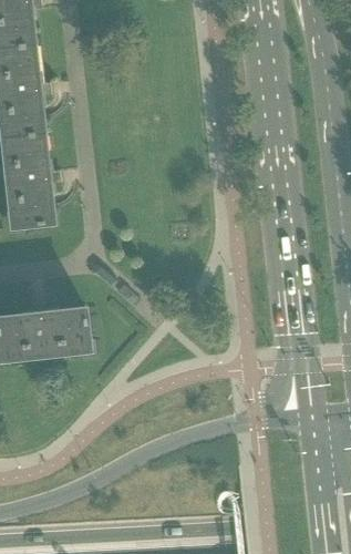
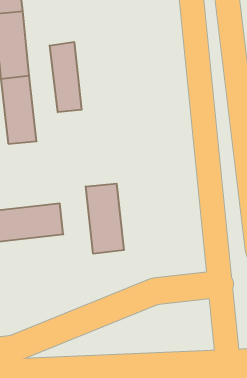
building: none -> [50,42,82,112]
building: none -> [86,184,124,254]

